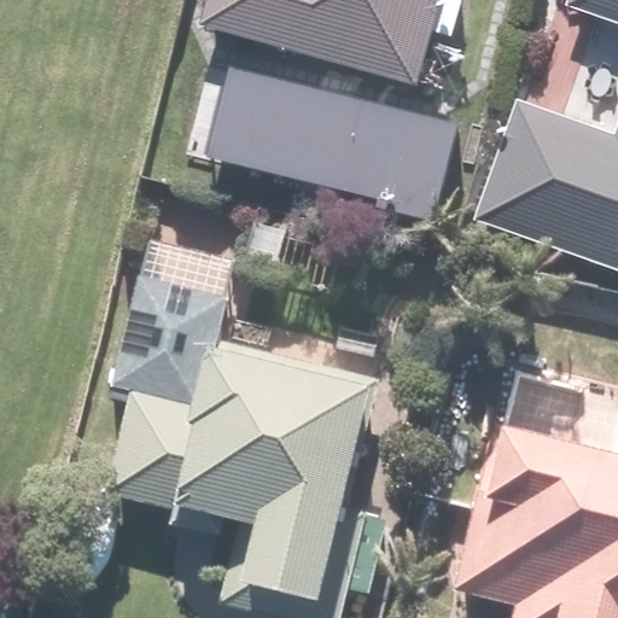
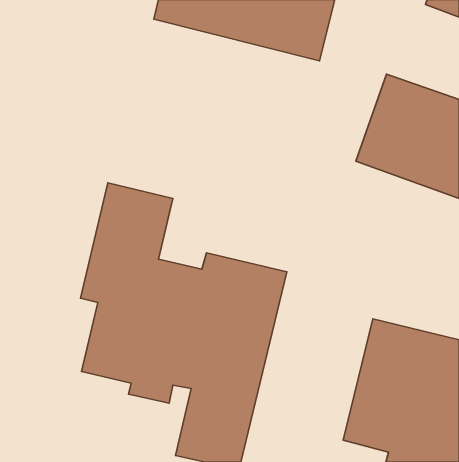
building: [247,72,462,222] -> none

